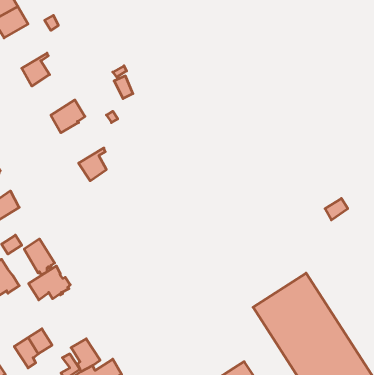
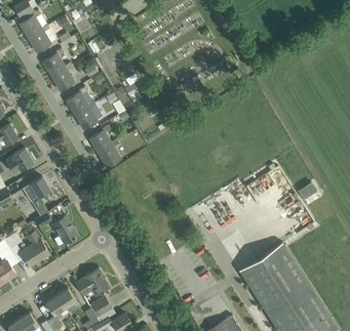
building: none -> [41,48,71,77]
building: none -> [65,87,93,115]
building: none -> [88,125,117,154]
building: [29,266,70,300] -> [75,268,109,296]

